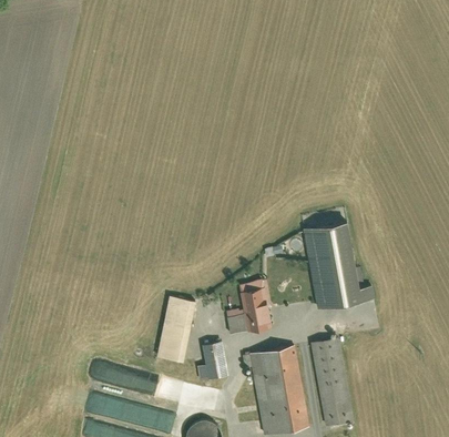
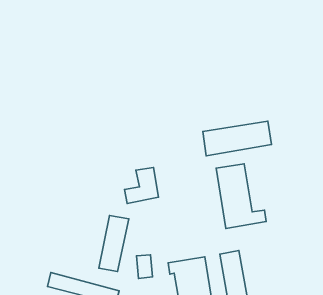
building: none -> [203,121,271,156]
building: [228,289,272,335] -> [124,167,159,203]

